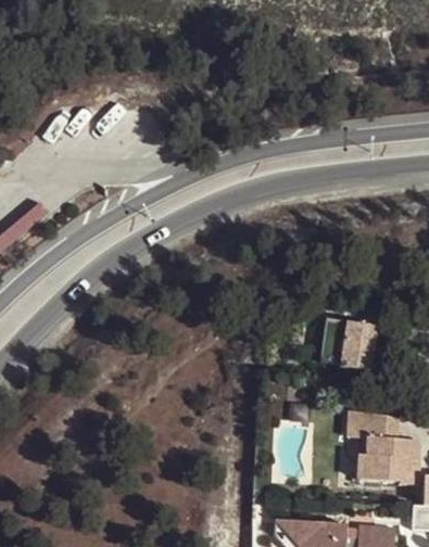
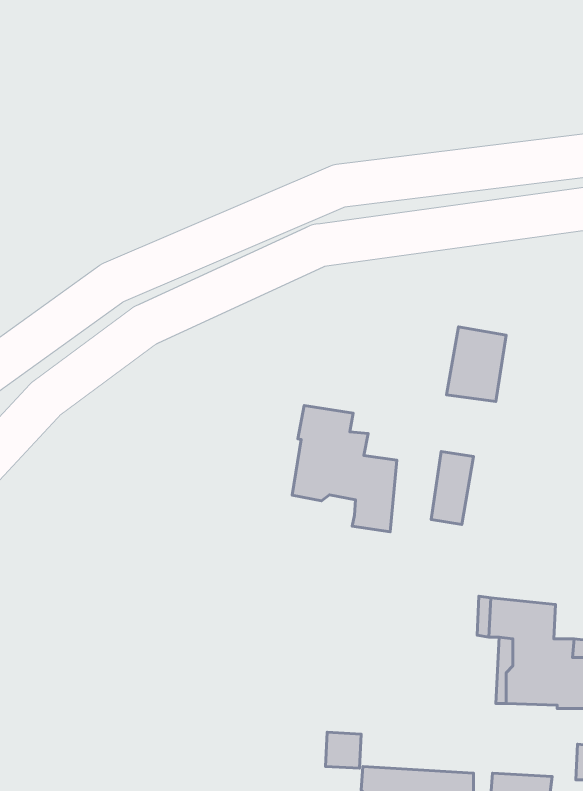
building: none -> [292,406,397,532]
building: [339,322,377,370] -> [447,327,506,402]

